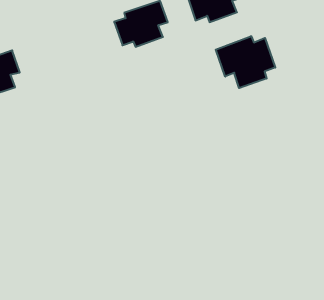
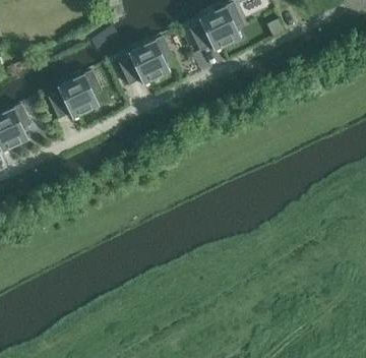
building: none -> [48,68,101,117]
building: [216,36,275,88] -> none

